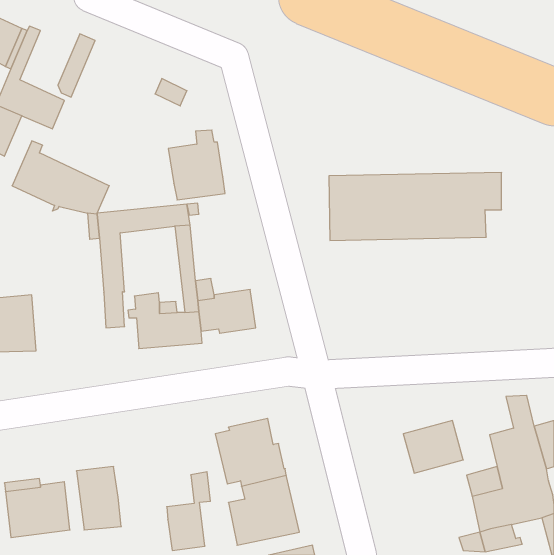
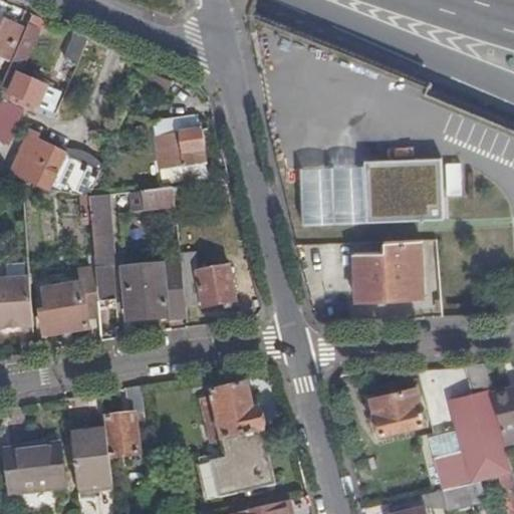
building: none -> [352,238,426,298]
building: none -> [40,269,99,332]
building: [167,472,210,550] -> [103,384,144,457]

